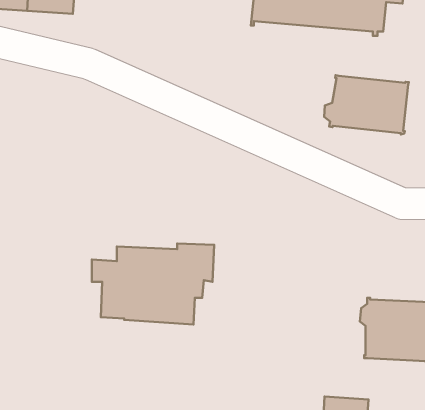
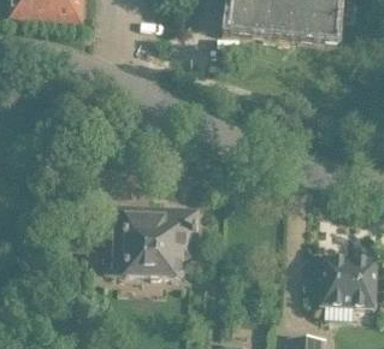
building: [324,75,409,134] -> none

